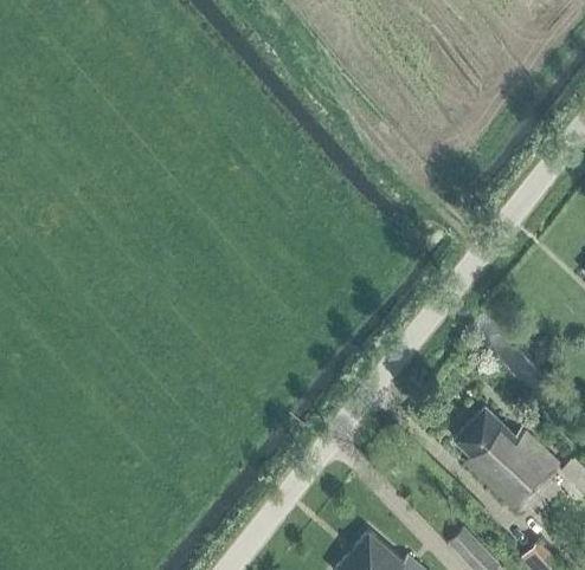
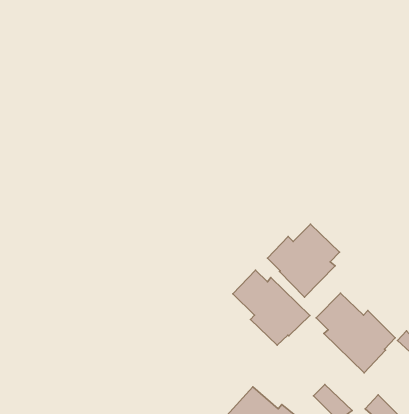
building: none -> [268,224,339,297]
building: none -> [233,270,310,345]

